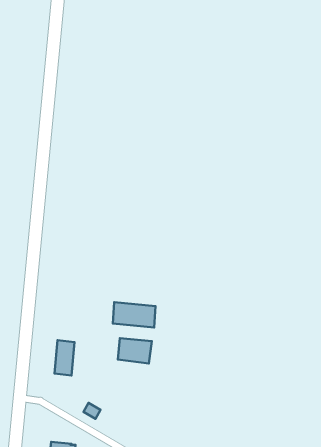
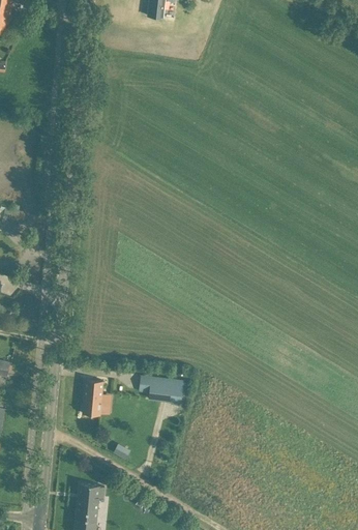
building: [113,302,156,327] -> none

